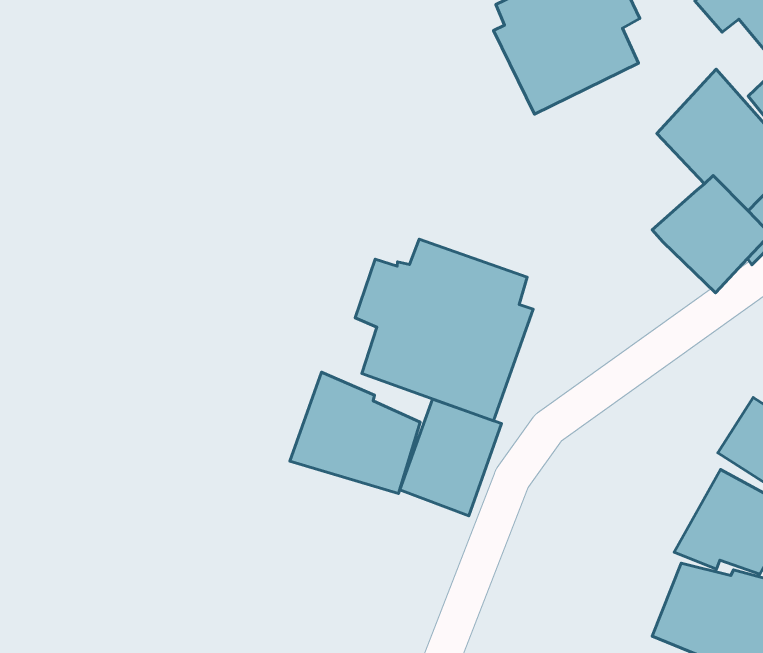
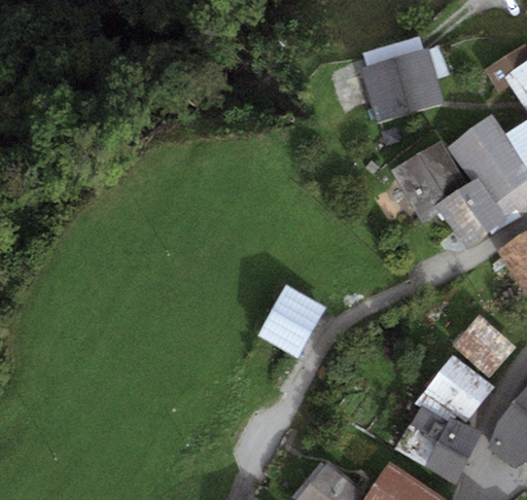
building: none -> [392,142,467,222]
building: [355,239,533,421] -> none
building: [290,372,420,493] -> none

